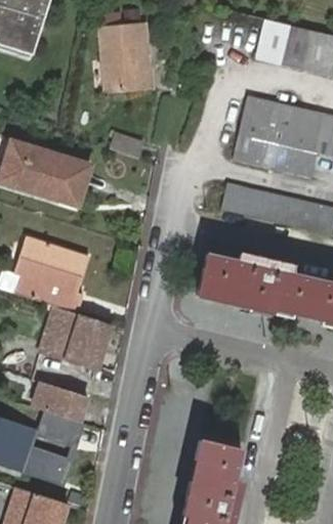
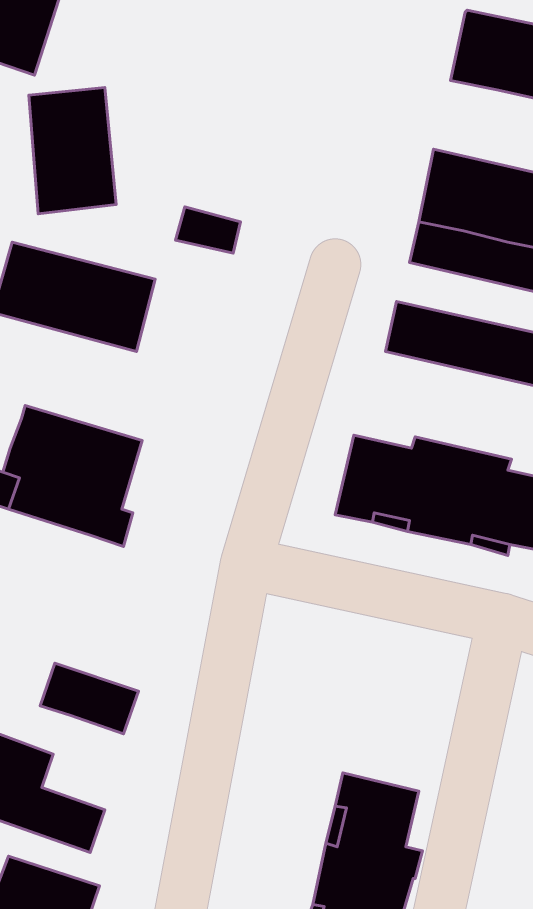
building: [107,24,155,93] -> [29,88,116,214]
building: [46,310,111,370] -> none
building: [40,409,82,445] -> none

